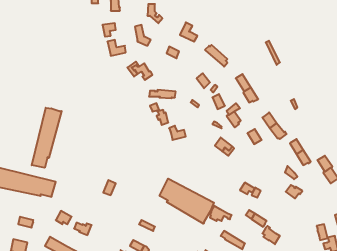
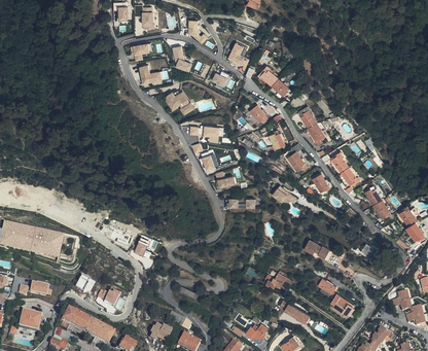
building: [32,108,62,168] -> none
building: [160,179,214,224] -> none

